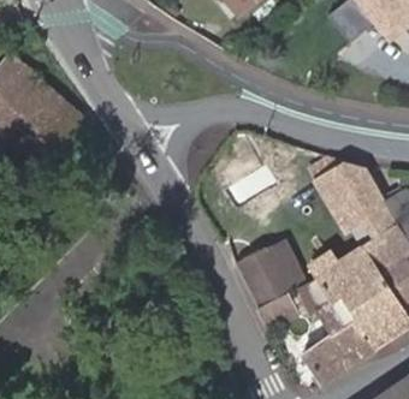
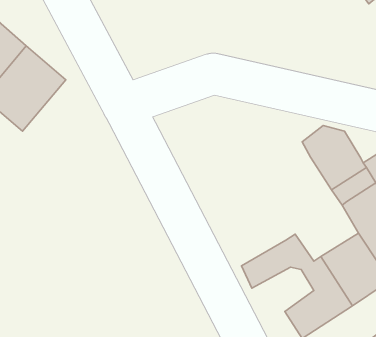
building: [238,238,307,308] -> none
building: [316,245,381,303] -> none

